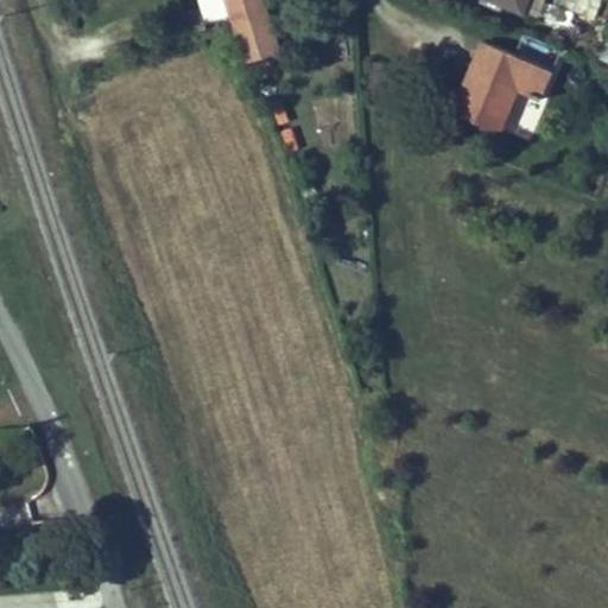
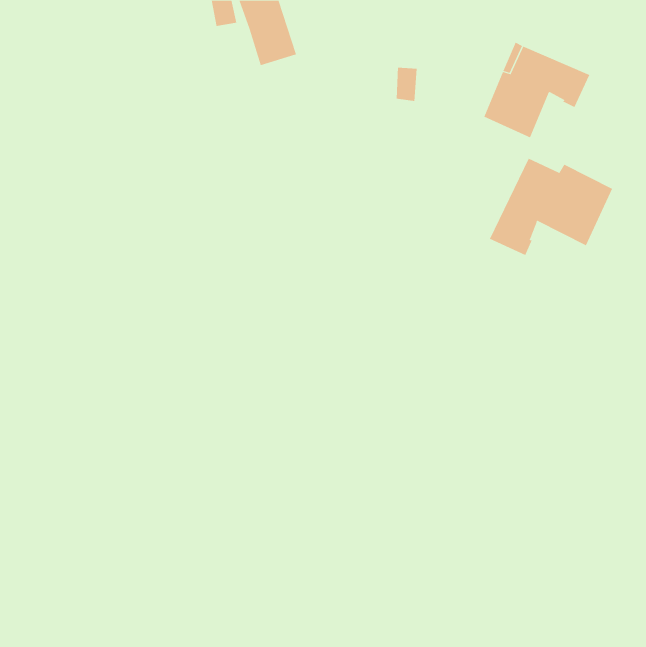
building: none -> [489,158,613,256]

